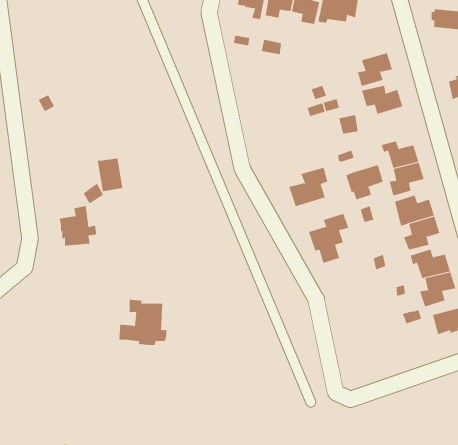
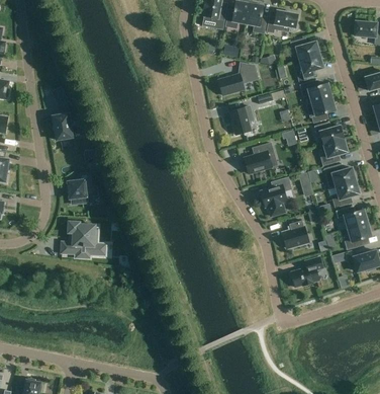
building: none -> [291,38,319,61]
building: none -> [218,63,258,95]
building: none -> [229,105,254,135]
building: [97,158,123,192] -> [52,113,72,140]
building: [345,165,384,200] -> [306,96,336,124]
building: none -> [282,221,307,248]
building: [118,299,167,345] -> [61,222,98,257]
building: none -> [291,256,324,288]

